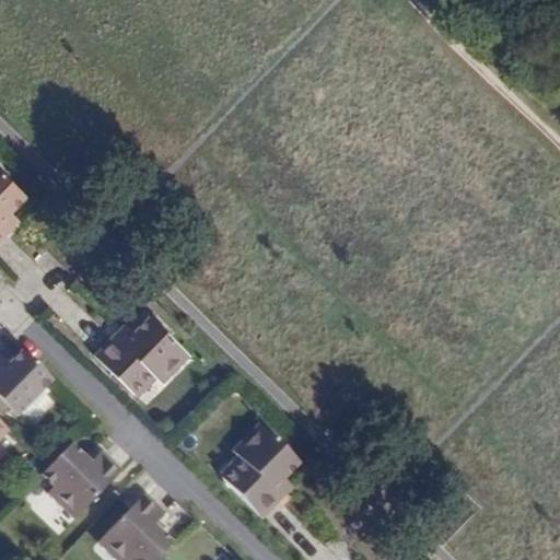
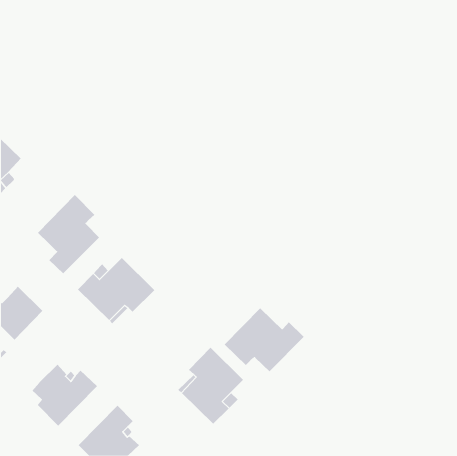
building: none -> [37,194,100,274]
building: none -> [224,307,305,372]

